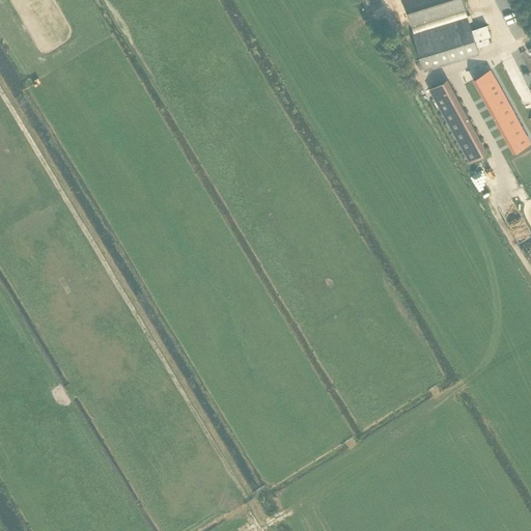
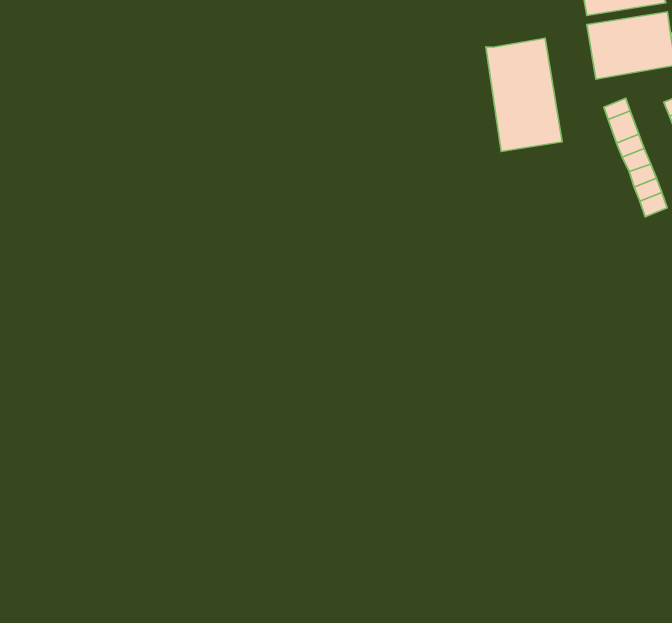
building: none -> [486,38,562,152]

